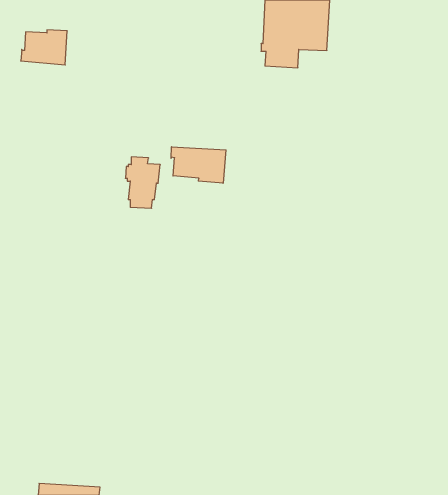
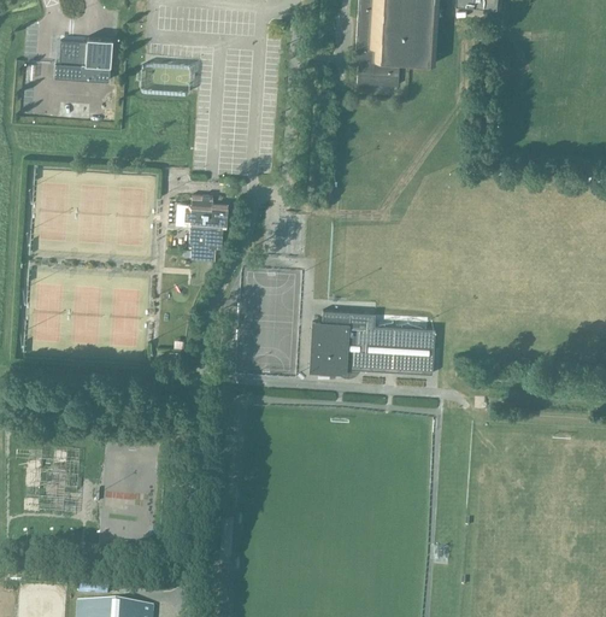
building: [171,147,226,183] -> none
building: none -> [308,310,435,374]

